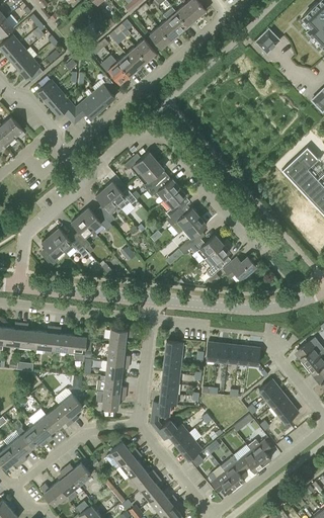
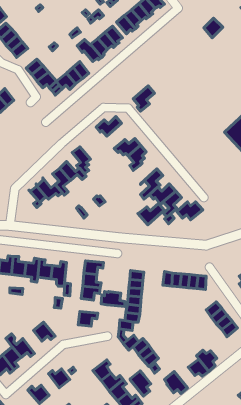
building: [137,159,163,190] -> [133,86,155,111]
building: [103,181,136,209] -> none
building: [166,207,198,234] -> [138,204,164,225]
building: [96,375,126,394] -> [101,292,125,306]
building: [55,388,82,422] -> none
building: [33,410,57,443] -> none
building: [105,442,137,468] -> none
building: [220,454,245,486] -> [130,371,151,396]
building: [56,468,78,501] -> none

